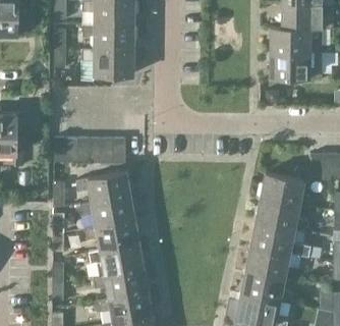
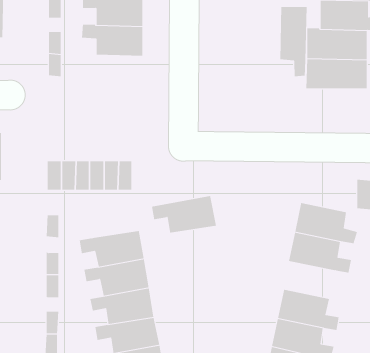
building: none -> [280,6,307,77]
building: [81,50,133,75] -> none
building: [75,171,130,203] -> [151,195,217,233]
building: [250,222,310,258] -> none

